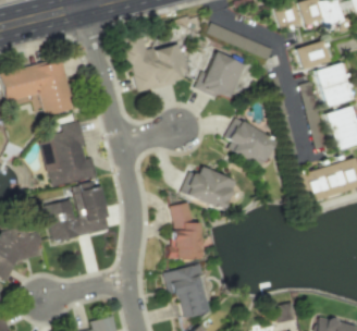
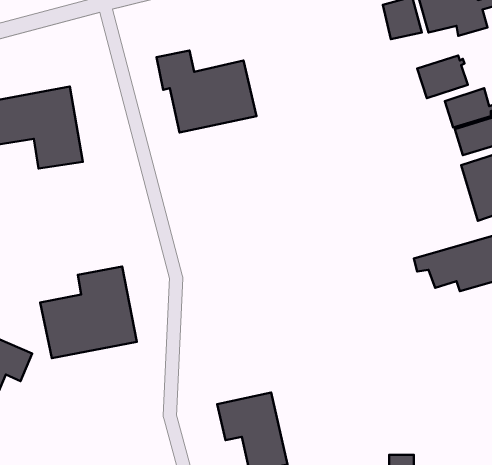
building: [199,51,246,101] -> none
building: [224,118,275,169] -> none
building: [42,122,98,187] -> none
building: [181,167,235,212] -> none
building: [170,204,201,259] -> none

